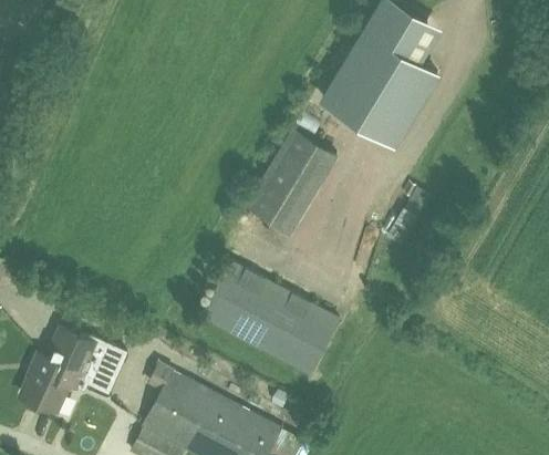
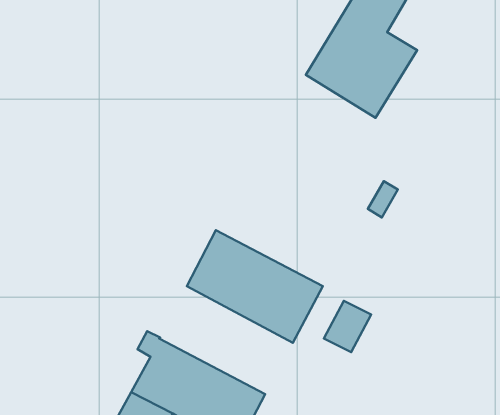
building: [246,128,336,231] -> none
building: [22,327,127,412] -> none
building: none -> [324,301,371,352]

